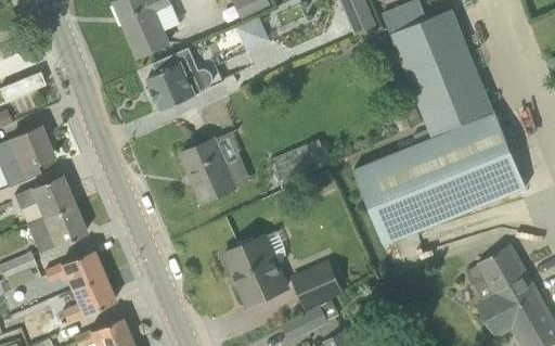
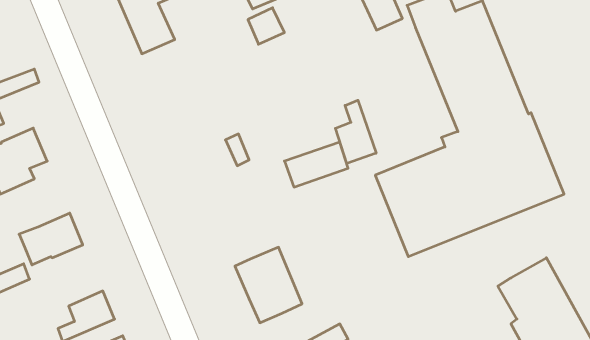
building: [147,41,220,110] -> none
building: none -> [335,100,376,164]
building: [181,139,236,202] -> none
building: [14,175,73,217] -> none
building: [44,249,103,290] -> none
building: [293,259,343,306] -> none

